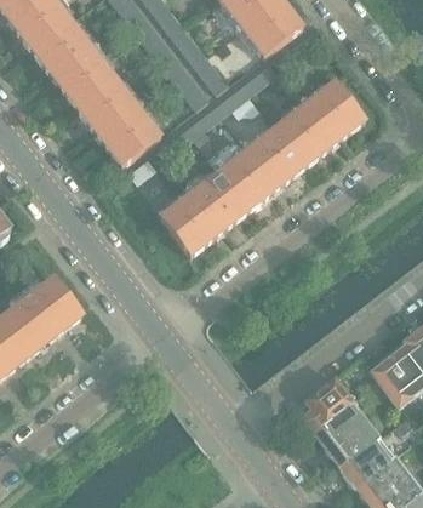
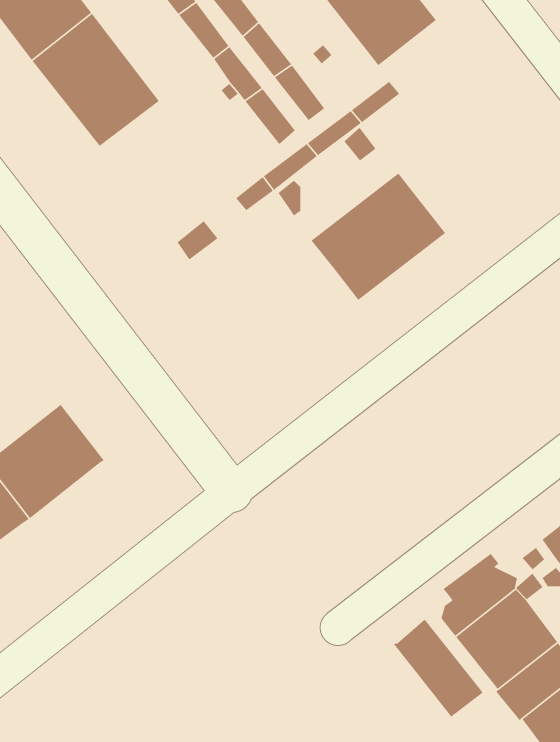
building: [79,79,162,167] -> none
building: [276,81,365,166] -> none
building: [161,171,250,255] -> none
building: none -> [392,619,483,718]

